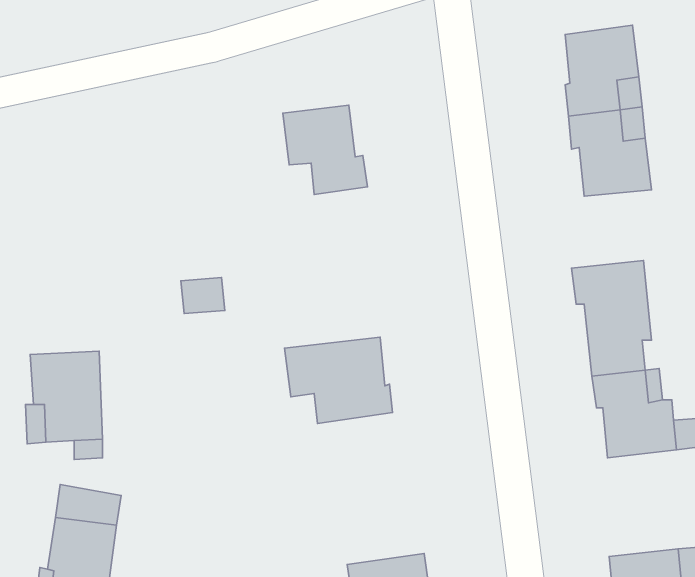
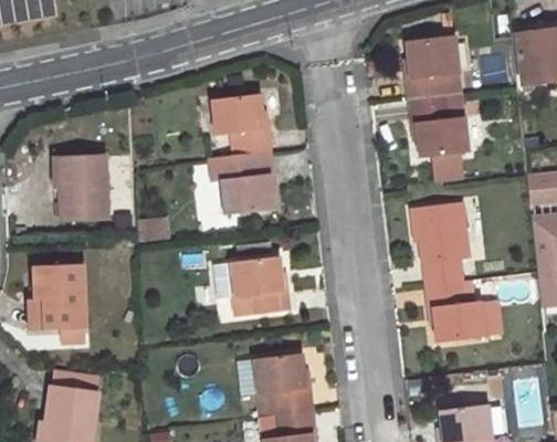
building: none -> [208,150,273,213]
building: none -> [56,164,105,228]
building: none -> [234,352,309,417]

